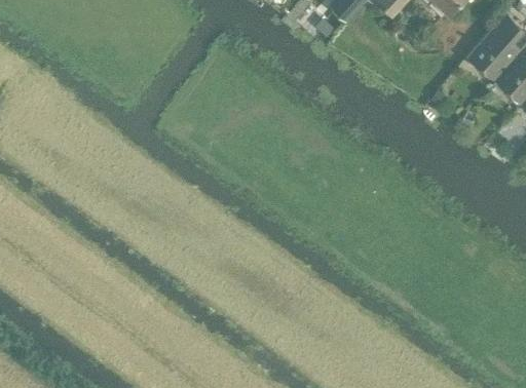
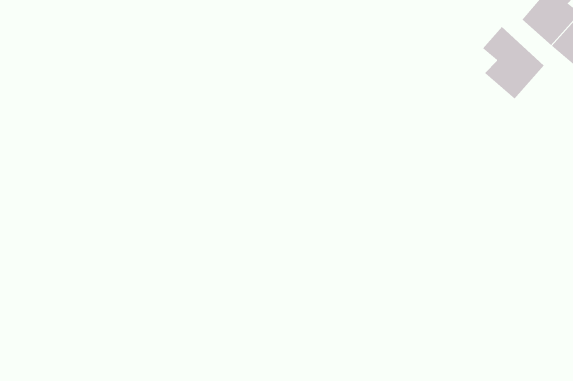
building: none -> [482,26,545,100]

